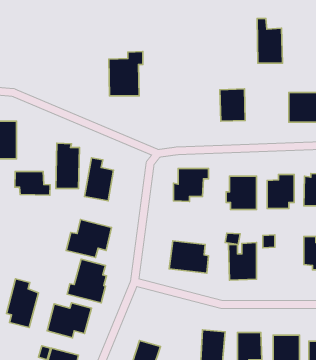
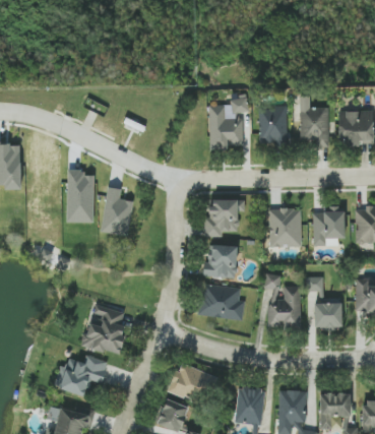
building: [257,19,282,63] -> [300,96,329,147]
building: [109,51,143,96] -> [208,97,248,148]
building: [15,171,50,195] -> none
building: none -> [203,245,238,277]
building: [66,219,112,258] -> none
building: none -> [314,303,342,328]
building: [7,279,38,328] -> none
building: none -> [169,365,217,404]

